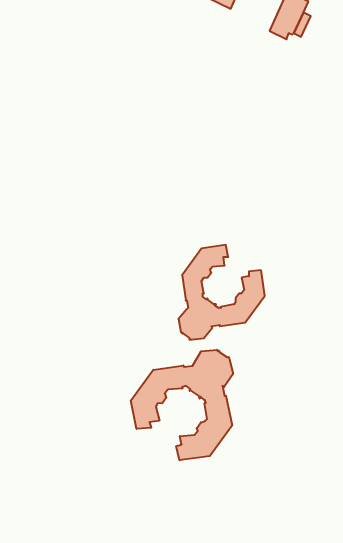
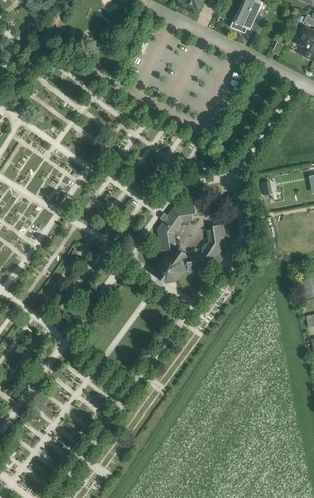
building: [131,350,233,460] -> none

